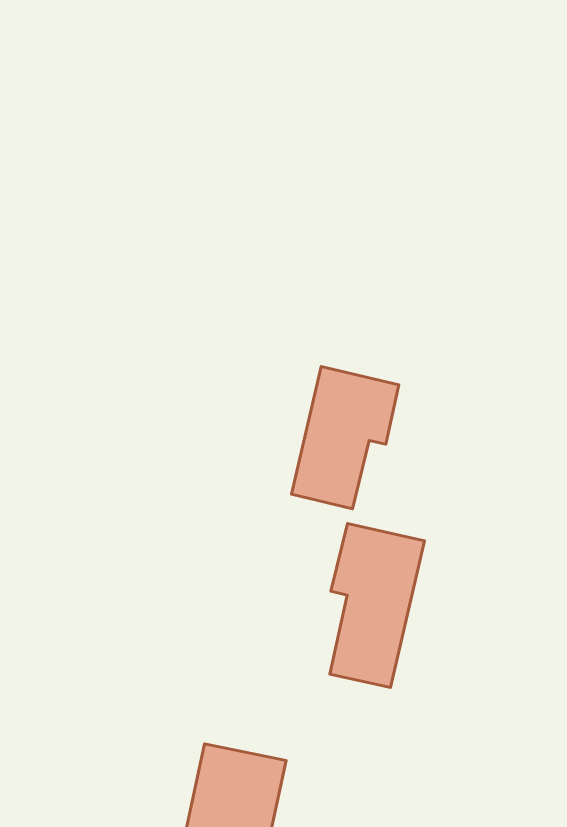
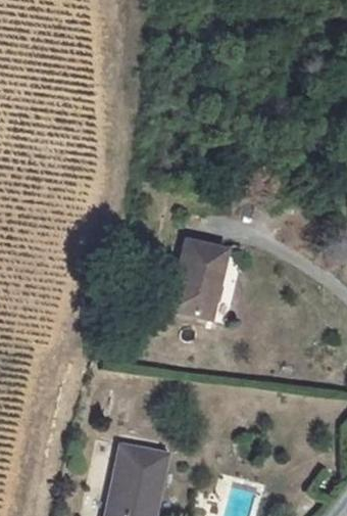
building: [330,523,424,687] -> none

